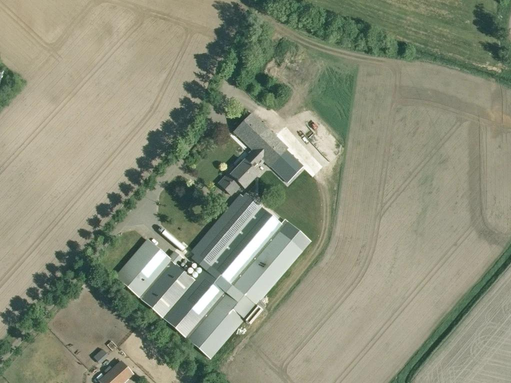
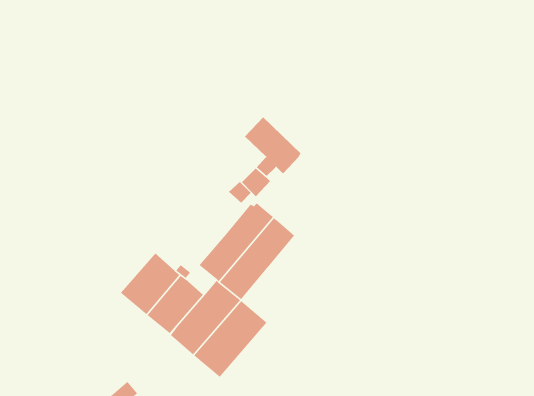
building: [270,150,302,182] -> none
building: [230,219,310,306] -> none

